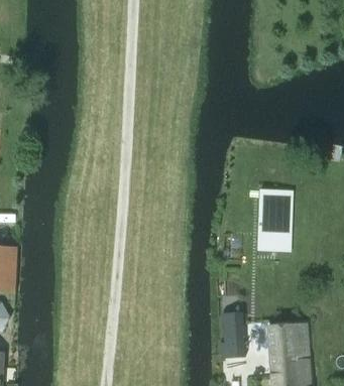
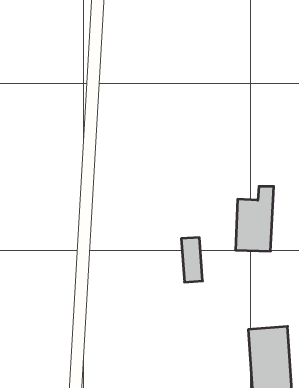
building: [226,314,246,357] -> [181,238,203,282]

